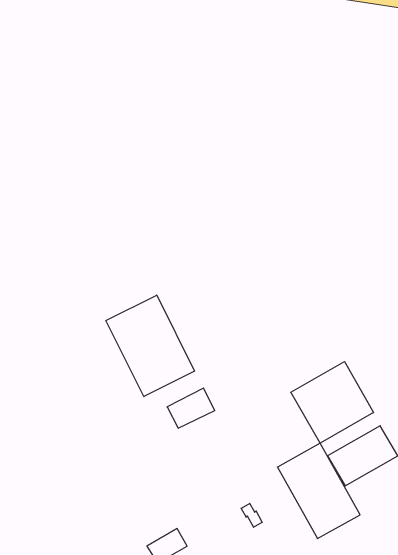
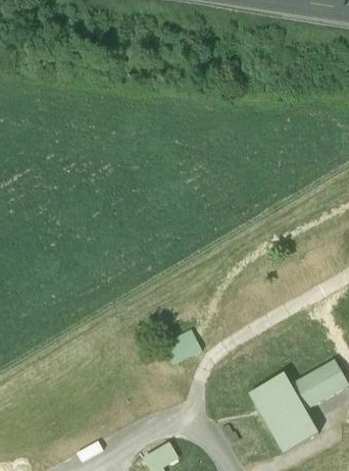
building: [106,295,195,397] -> none
building: [291,362,374,443] -> none

